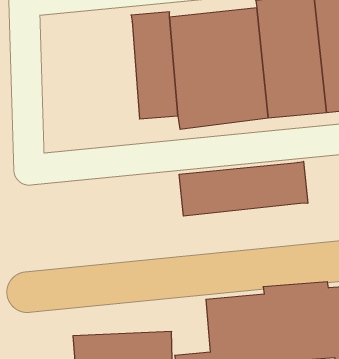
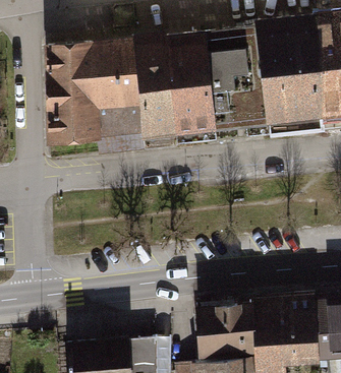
building: none -> [44,35,141,151]
building: [179,161,308,216] -> none

